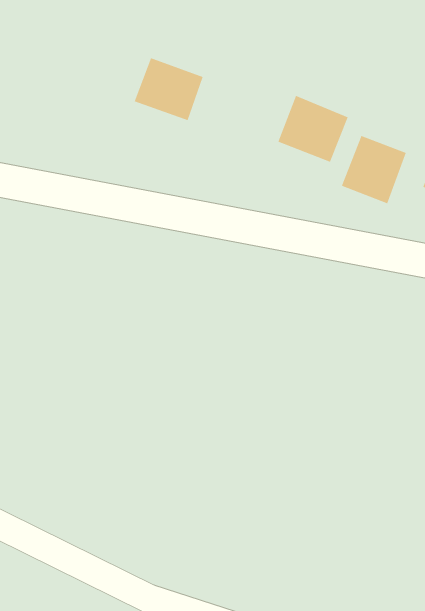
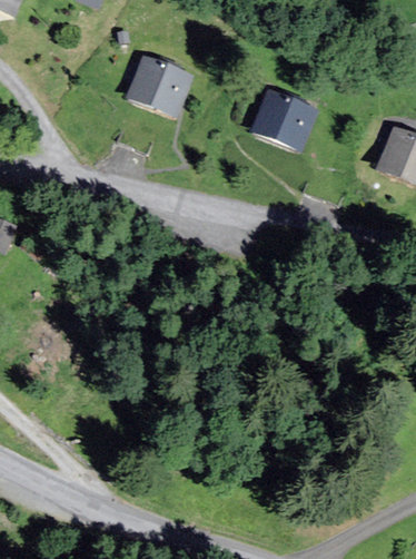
building: [341,135,406,204] -> none

